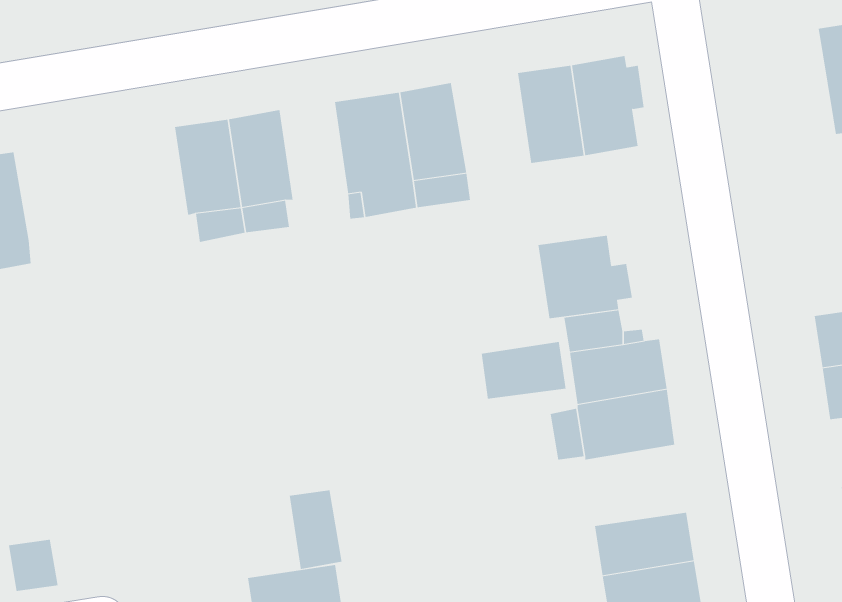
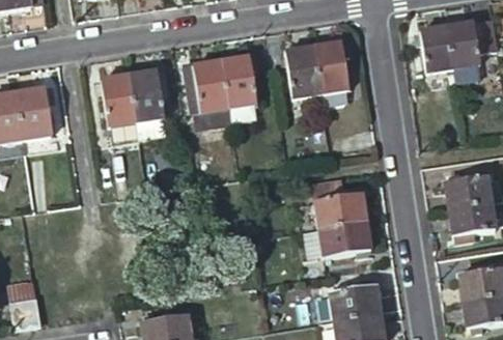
building: none -> [420,25,454,73]
building: none -> [15,87,50,139]
building: [538,235,632,319] -> none
building: [481,341,566,399] -> none
building: [289,490,342,570] -> none

